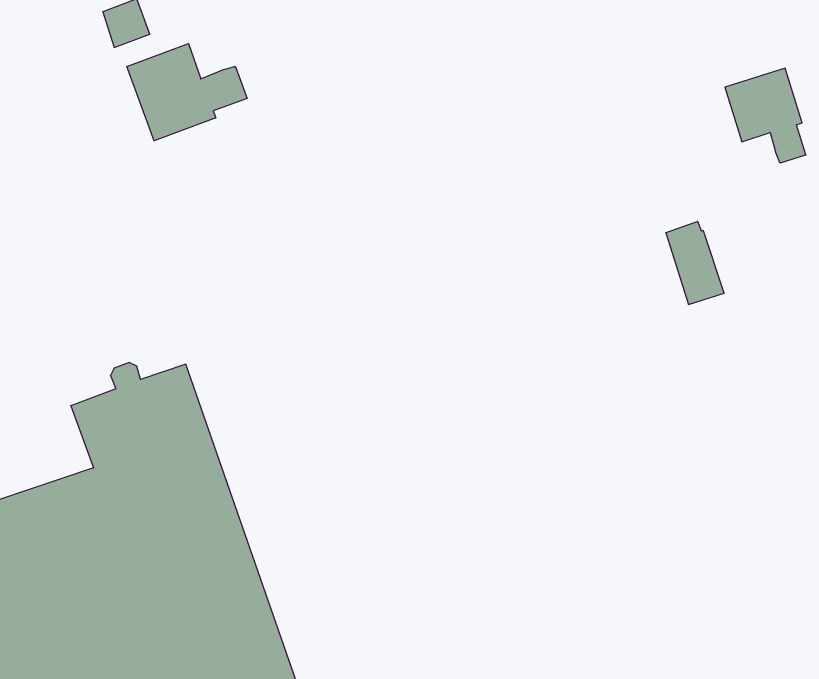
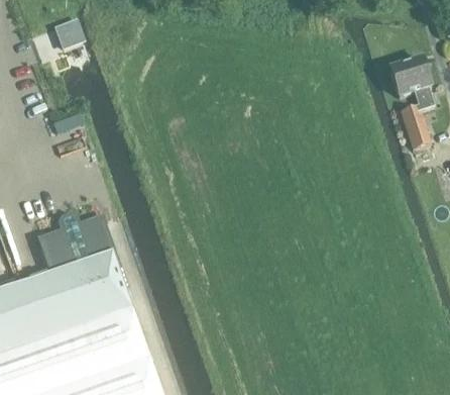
building: [127,44,247,141] -> none
building: [666,221,724,304] -> [400,104,431,149]

